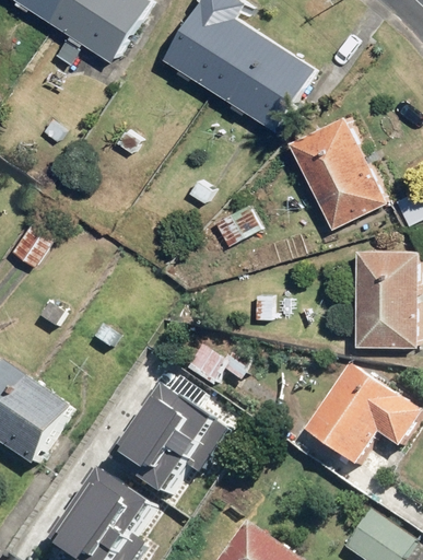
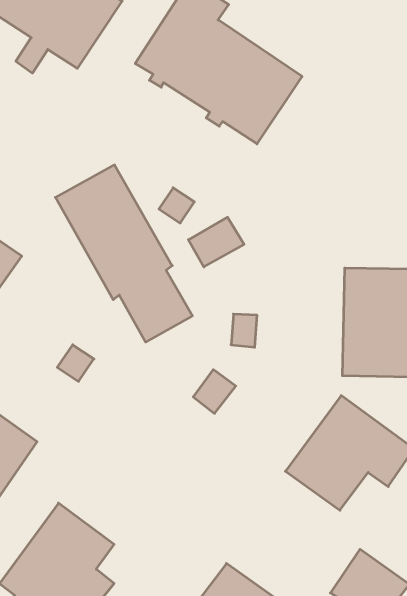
building: [289,115,390,232] -> none
building: none -> [55,165,192,342]
building: [106,366,230,487] -> none

